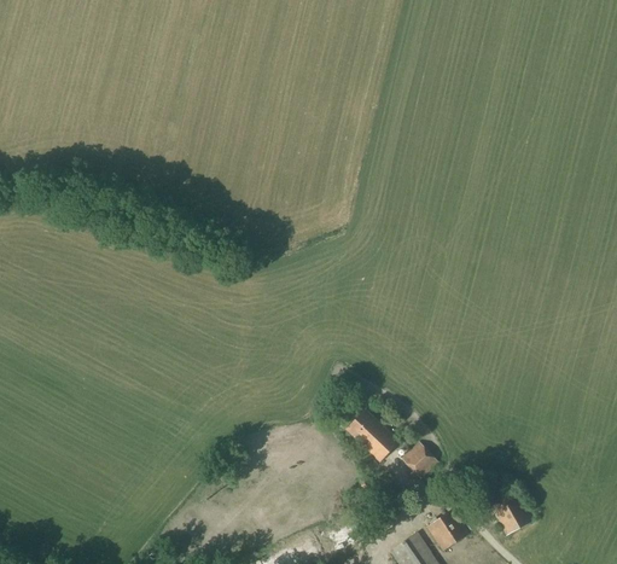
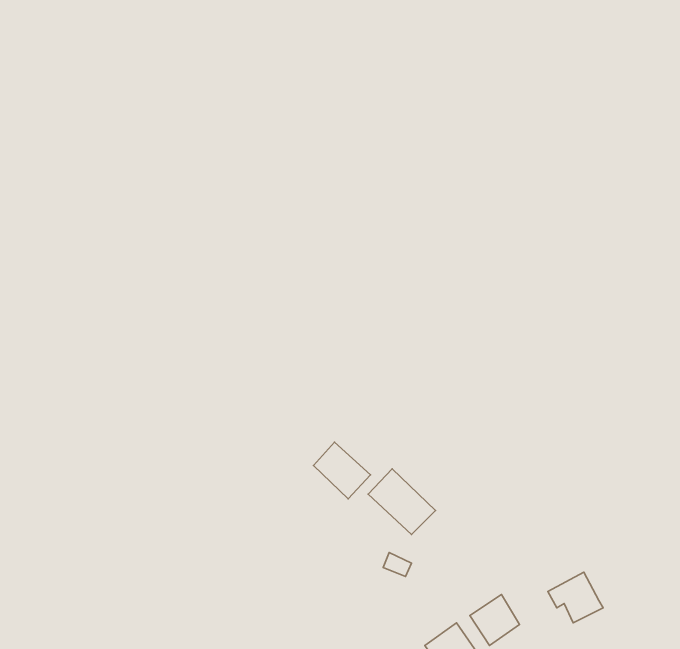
building: none -> [313,442,371,499]
building: [401,441,438,479] -> none

